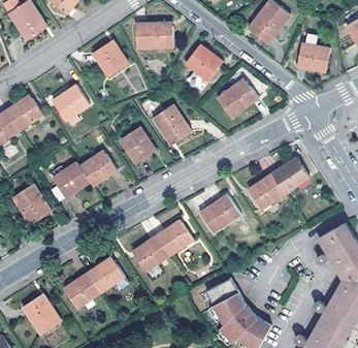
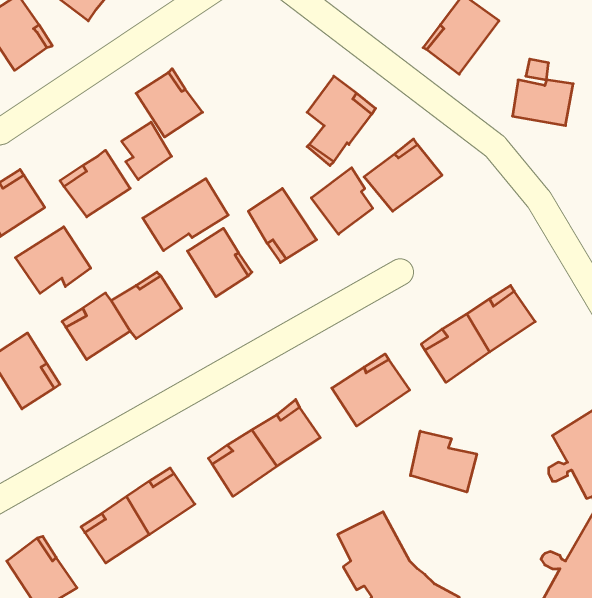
building: [136,22,173,48] -> none
building: none -> [122,122,172,180]
building: none -> [311,168,373,234]
building: none -> [143,179,228,251]
building: none -> [15,227,91,293]
building: none -> [410,431,477,492]

